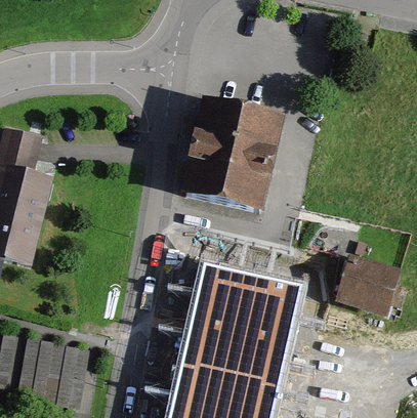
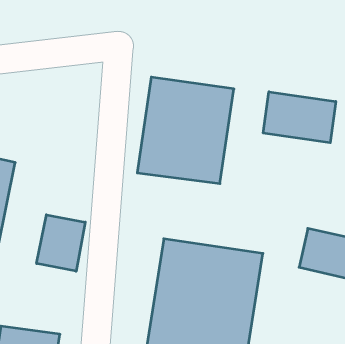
building: none -> [263,92,336,143]
building: none -> [37,215,85,271]

